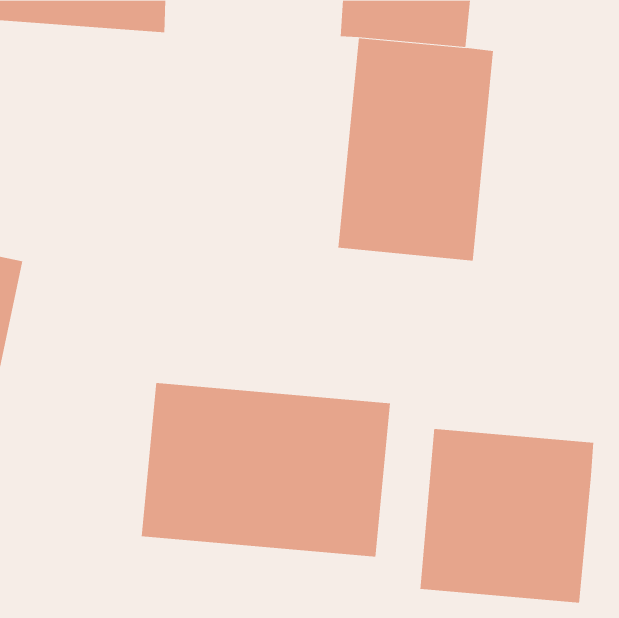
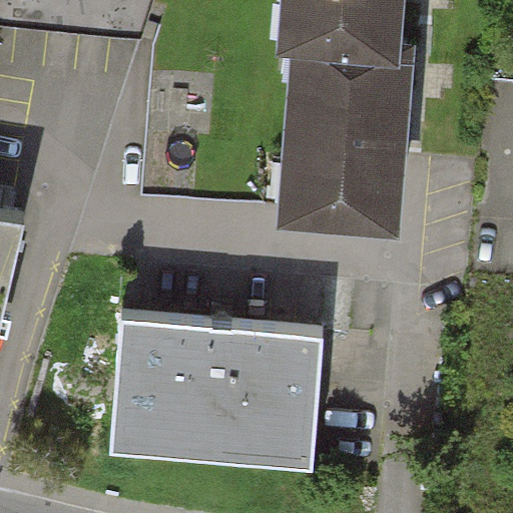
building: [420,428,594,604] -> none

